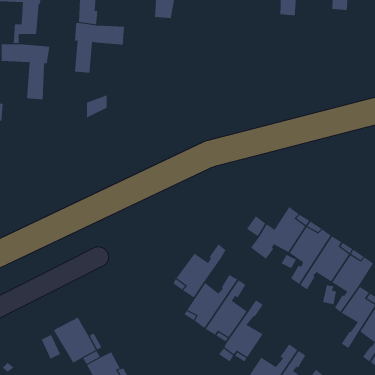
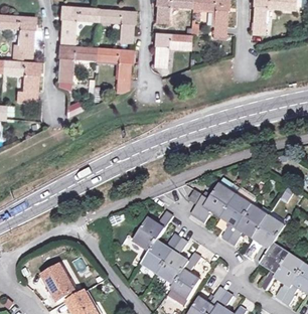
building: none -> [154,33,190,65]
building: none -> [96,47,133,93]

